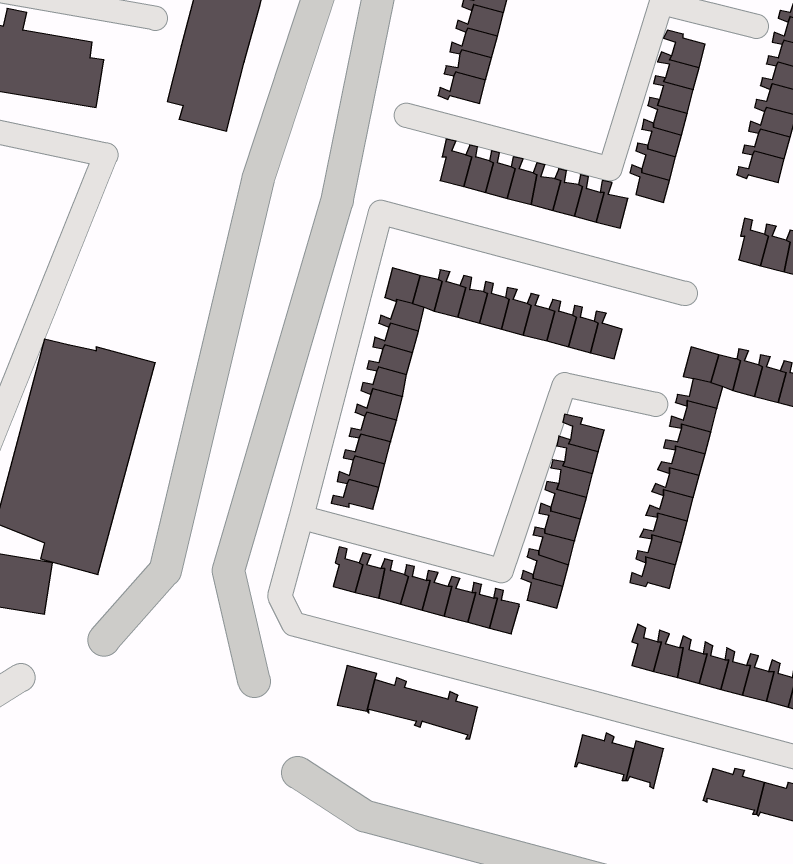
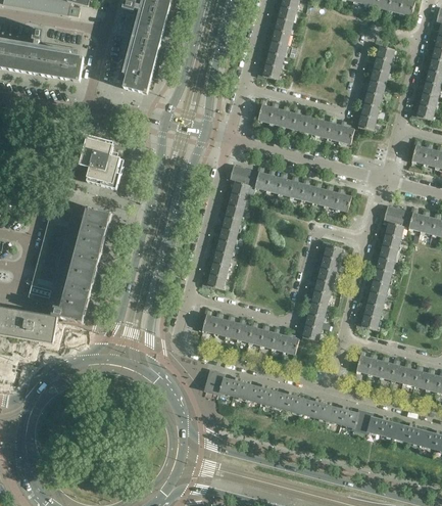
building: none -> [78,135,125,190]
building: none -> [274,390,332,422]
building: none -> [369,416,399,440]

